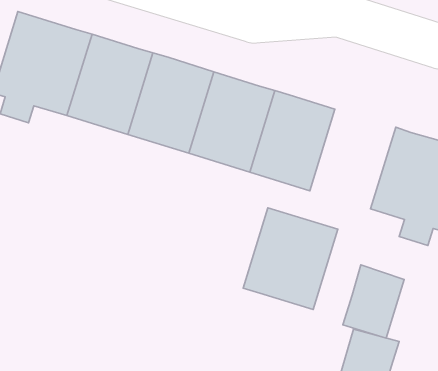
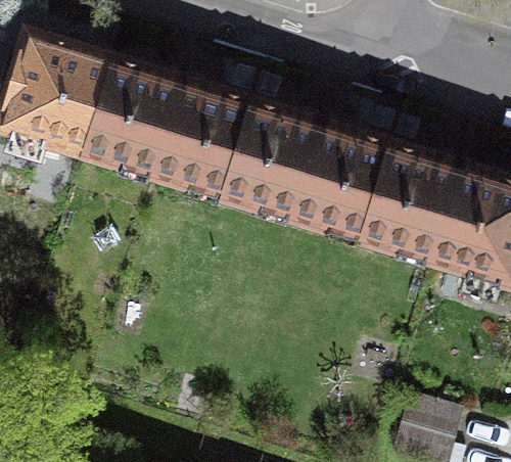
building: none -> [361,141,459,255]
building: [243,208,338,309] -> none
building: [343,265,404,338] -> none

